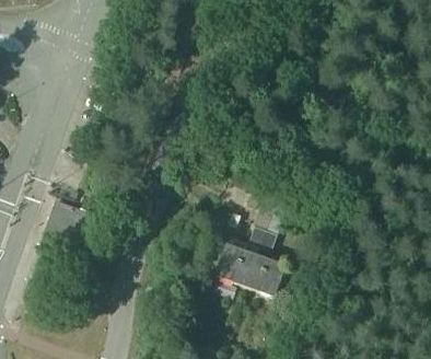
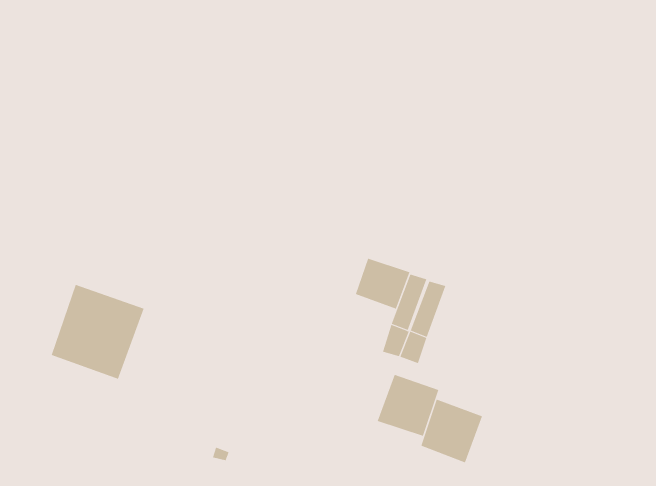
building: none -> [355,258,410,310]
building: [215,244,255,285] -> [421,399,483,463]

